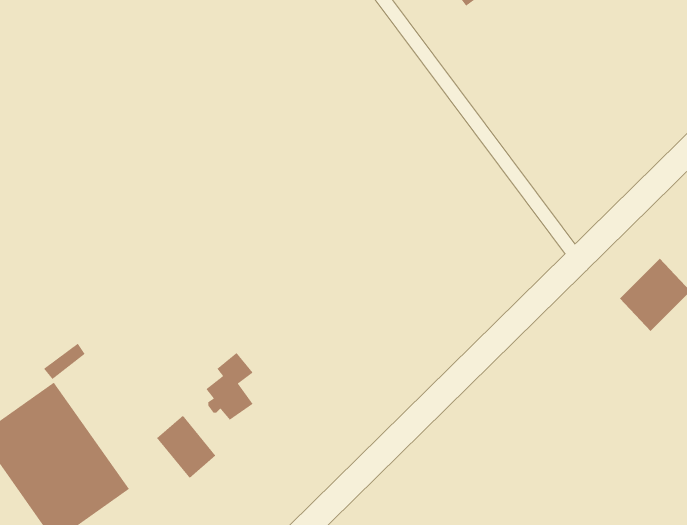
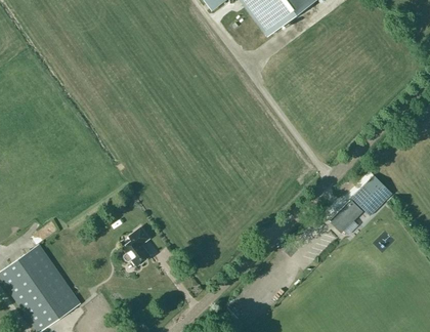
building: none -> [330,200,362,233]
building: [156,415,216,479] -> none

